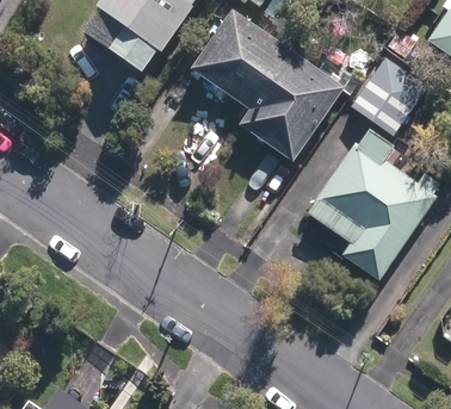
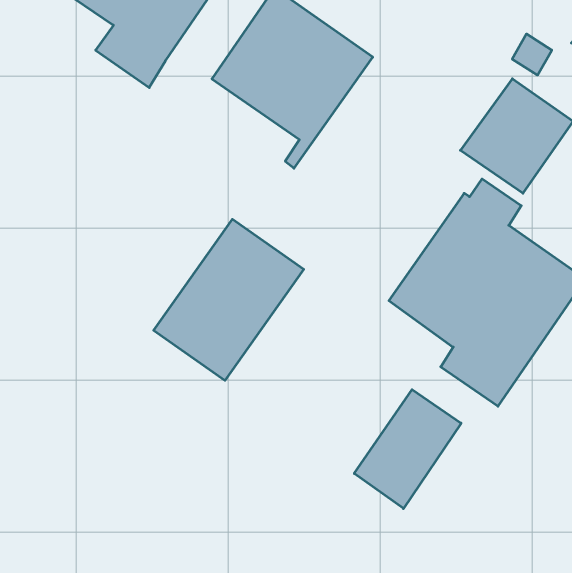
building: [241,48,341,155] -> [154,219,304,380]
building: none -> [354,390,461,509]

